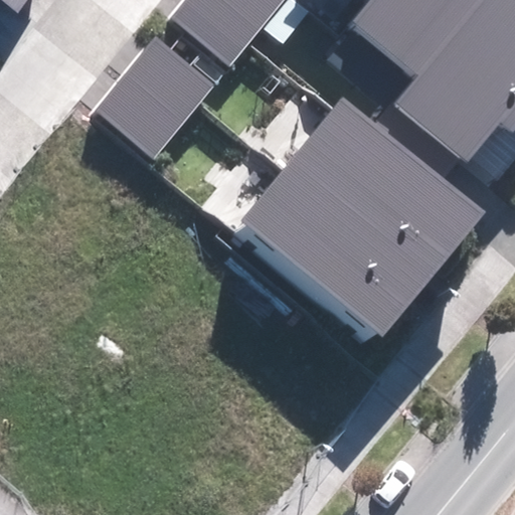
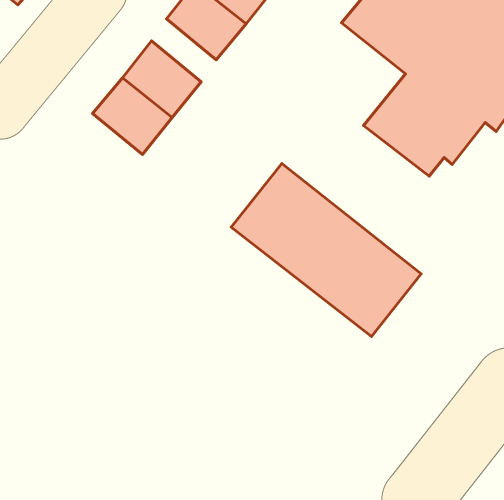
building: [290,102,482,277] -> none

